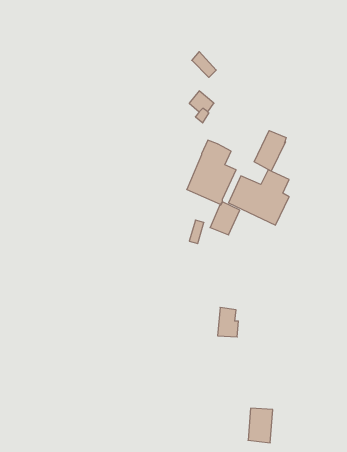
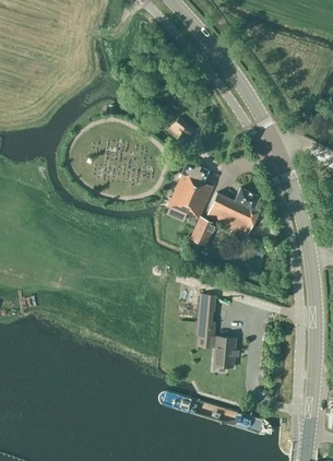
building: [254,131,286,171] -> none
building: [248,408,273,443] -> [214,338,236,368]

